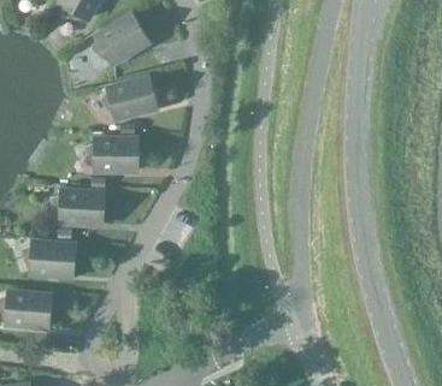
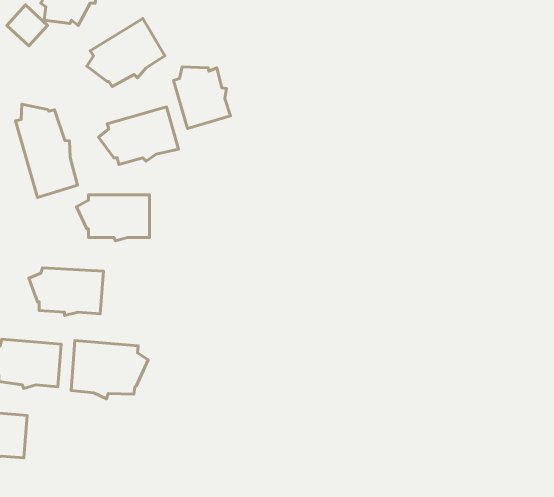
building: none -> [174,67,231,128]
building: none -> [15,104,78,198]
building: none -> [71,340,148,399]

